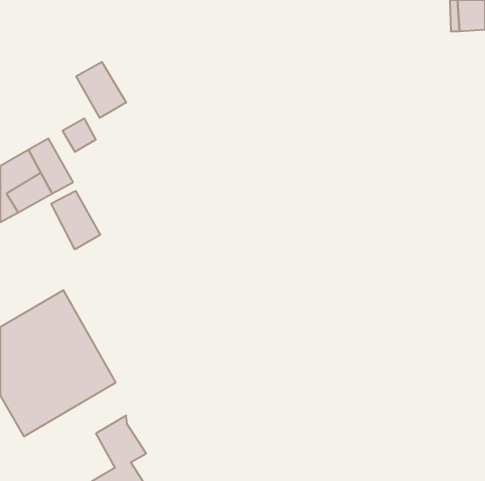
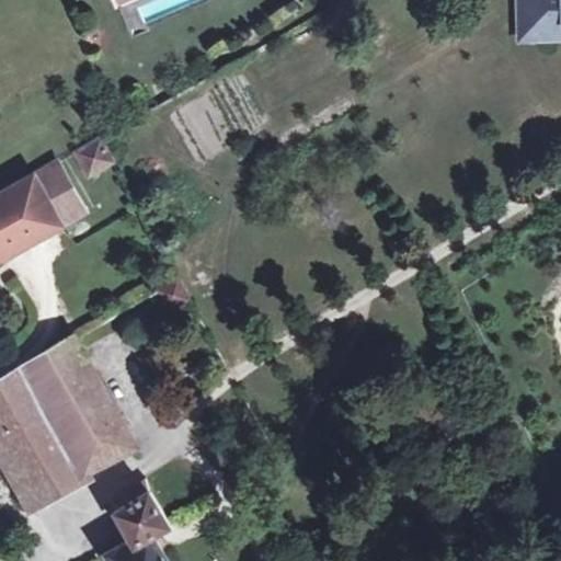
building: [76,62,126,118] -> none
building: [51,191,100,249] -> none

